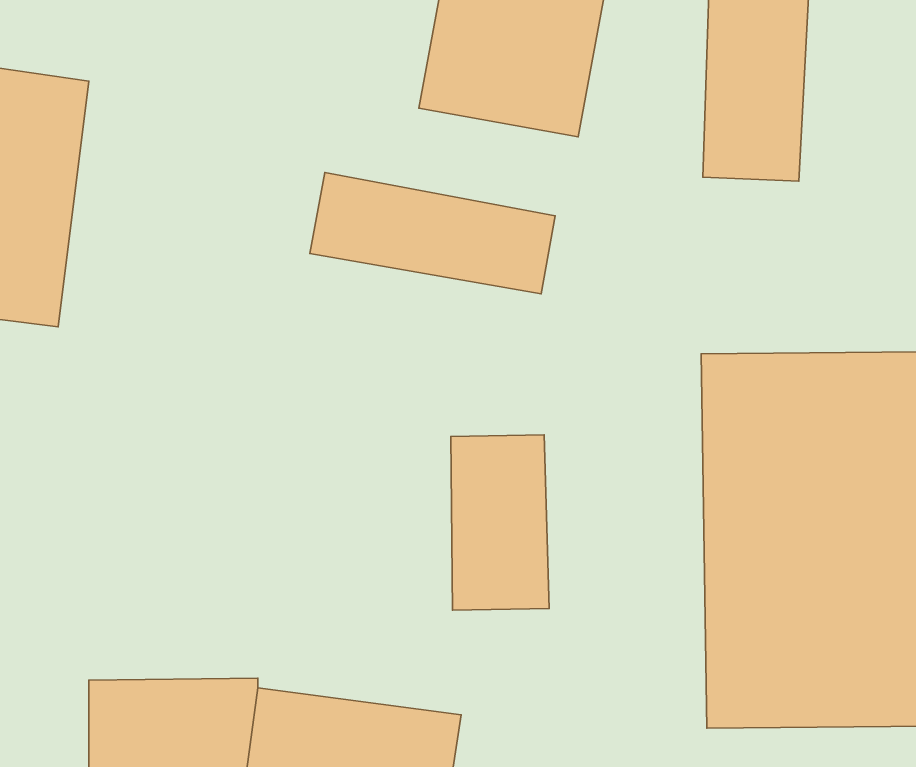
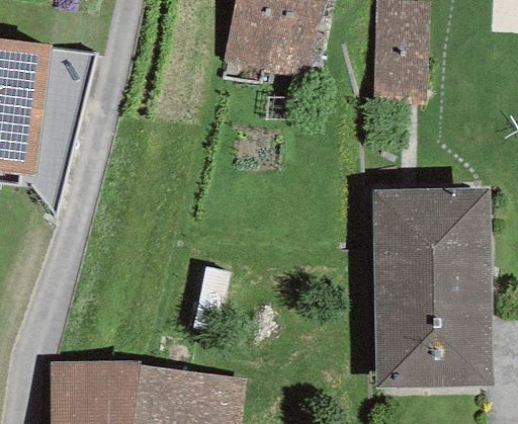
building: [310,172,555,294] -> none
building: [451,435,549,610] -> none

